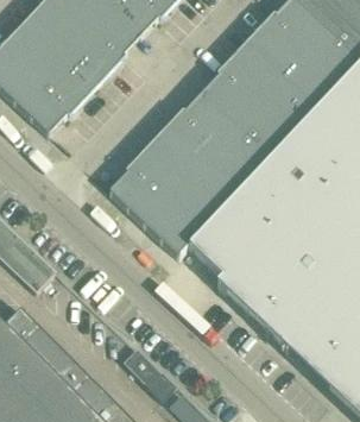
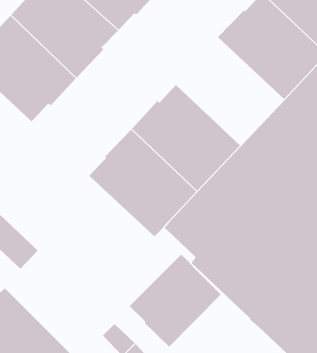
building: [201,43,316,158] -> none
building: none -> [129,254,221,347]

